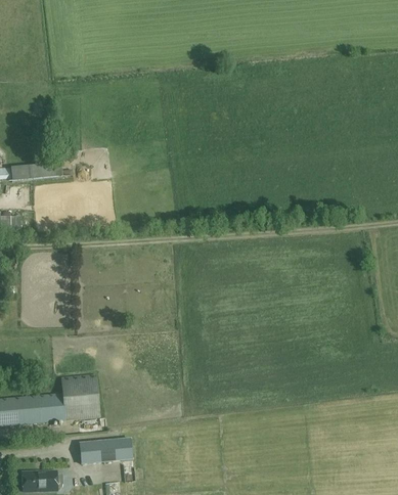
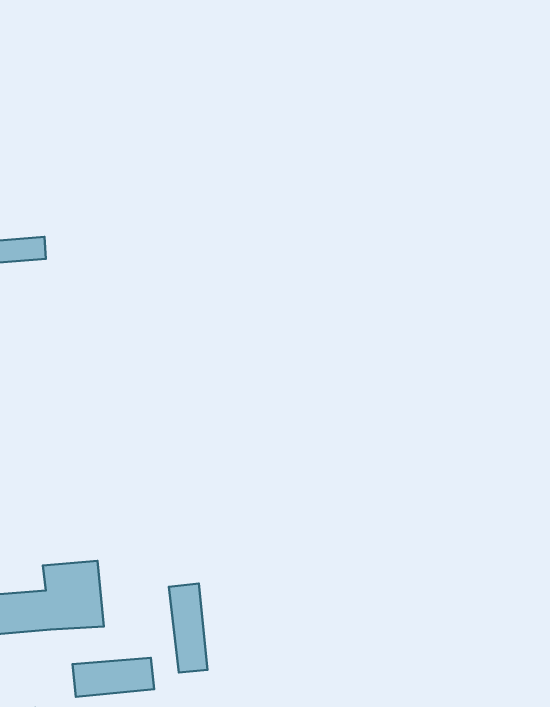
building: none -> [169,584,208,673]

